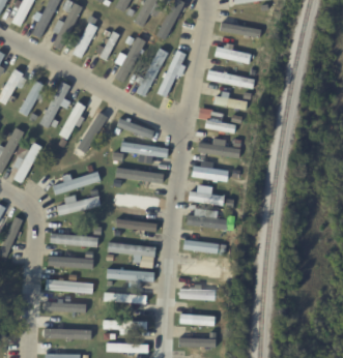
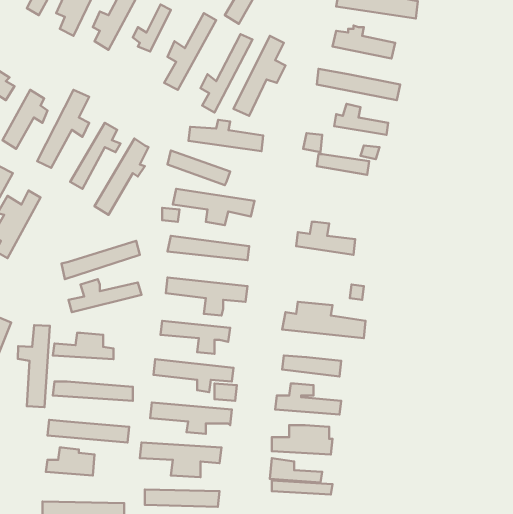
building: [194,139,238,157] -> [189,120,263,151]
building: [187,185,224,205] -> none
building: none -> [18,325,50,407]

